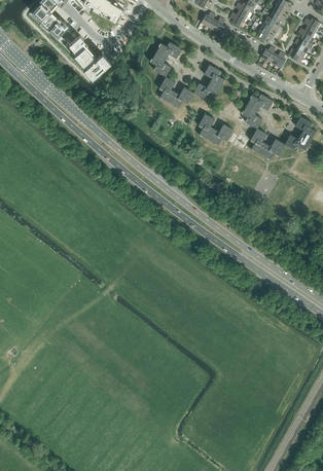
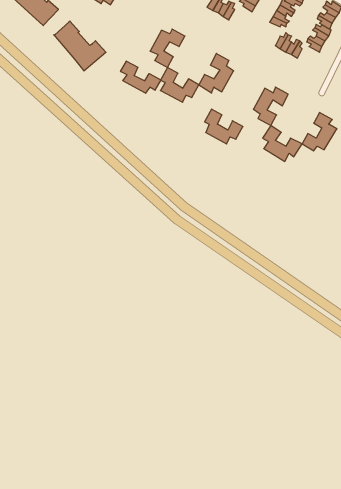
building: none -> [121,61,161,93]

